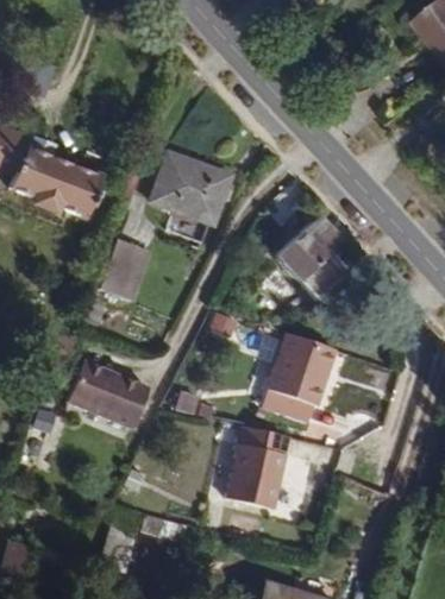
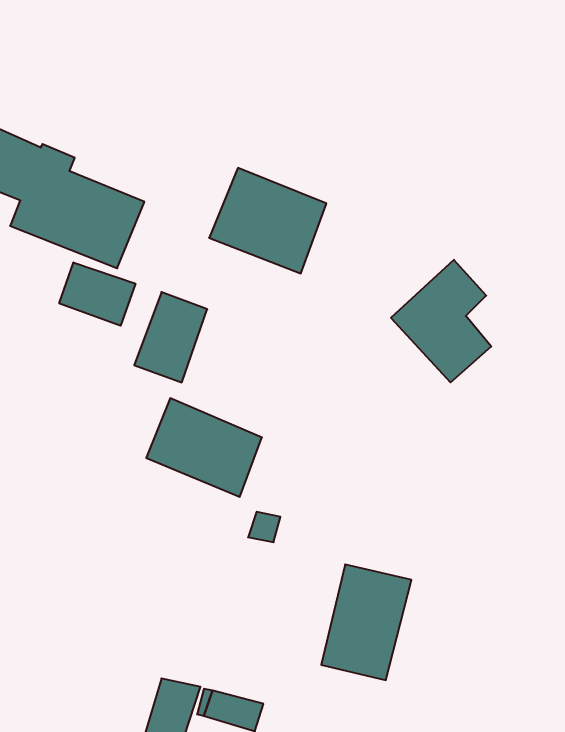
building: none -> [59,262,135,326]
building: [267,334,334,406] -> none
building: [67,360,148,429] -> [146,398,262,497]

